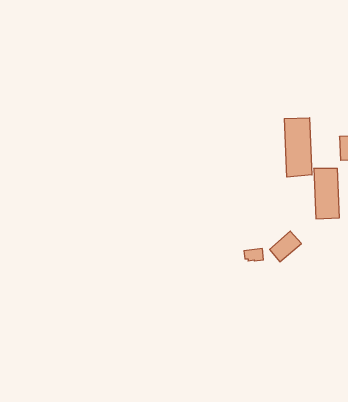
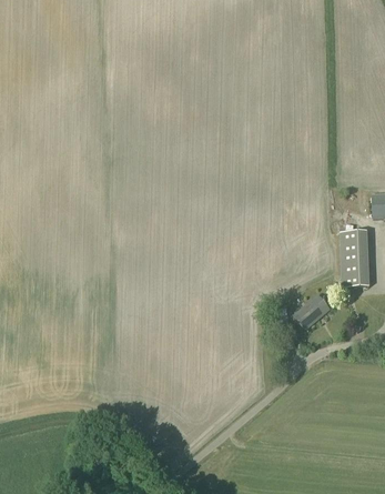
building: [284,118,312,177] -> none

